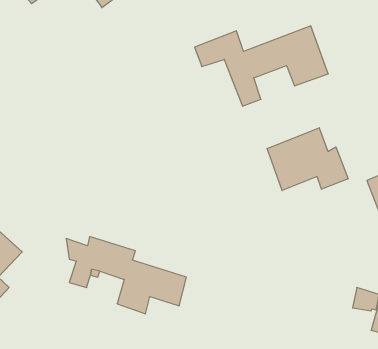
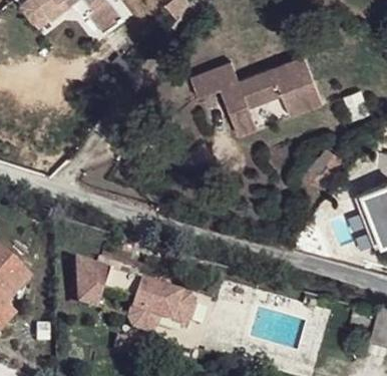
building: [267,128,348,191] -> none

